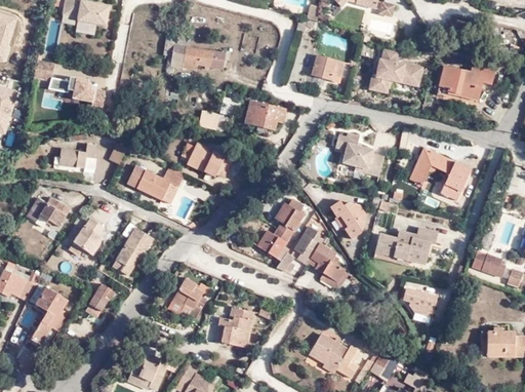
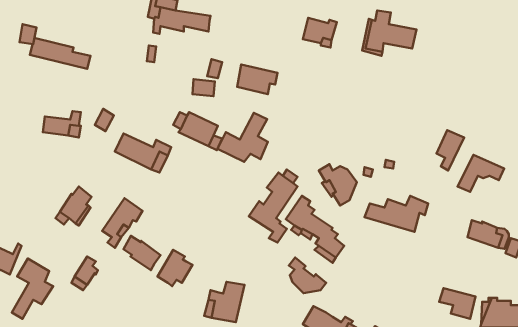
building: [437,63,492,99] -> none
building: [334,129,382,175] -> none
building: none -> [218,113,268,162]
building: [405,150,450,186] -> [458,155,504,192]
building: [27,197,71,228] -> none
building: none -> [123,236,161,270]
building: [399,285,434,315] -> [439,288,475,319]
building: none -> [289,257,326,293]

